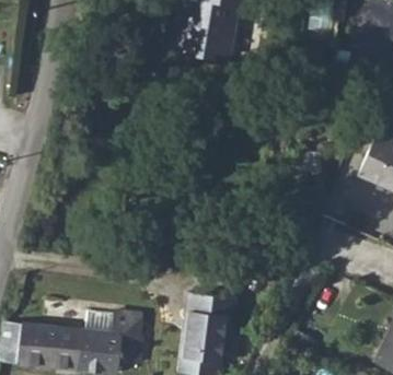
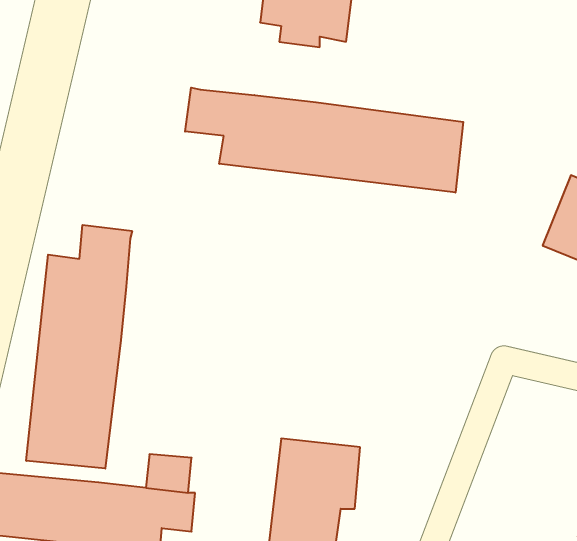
building: none -> [185,88,463,193]
building: none -> [26,225,132,469]

